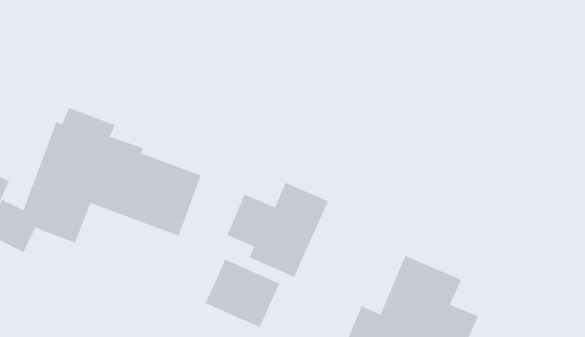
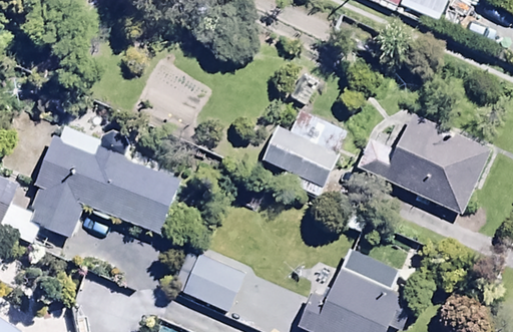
building: none -> [358,115,493,216]
building: [226,182,329,277] -> [262,113,349,195]

